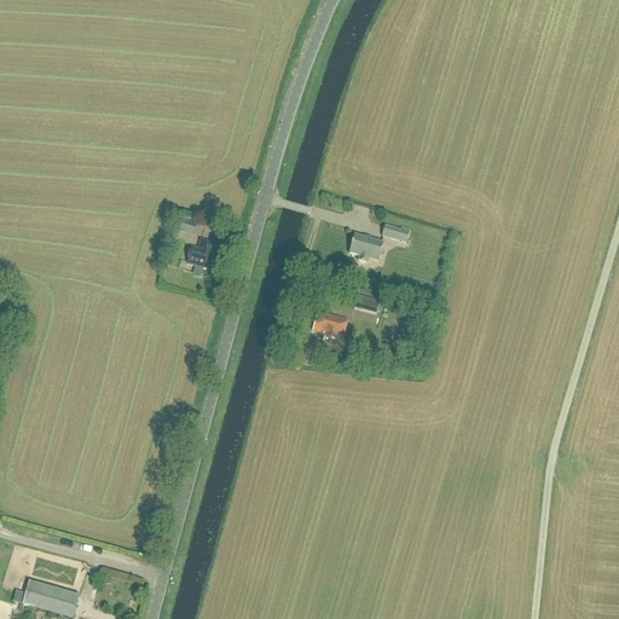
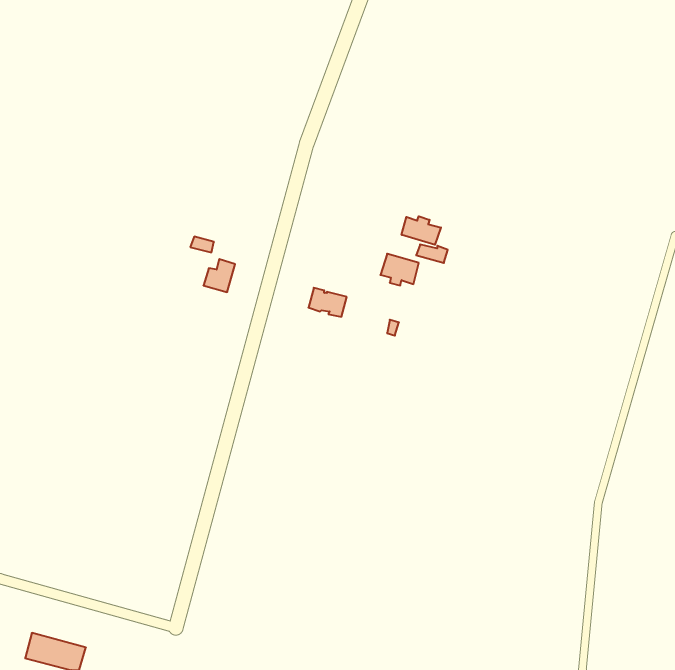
building: none -> [402,216,441,245]
building: [312,310,347,336] -> [308,288,347,317]

